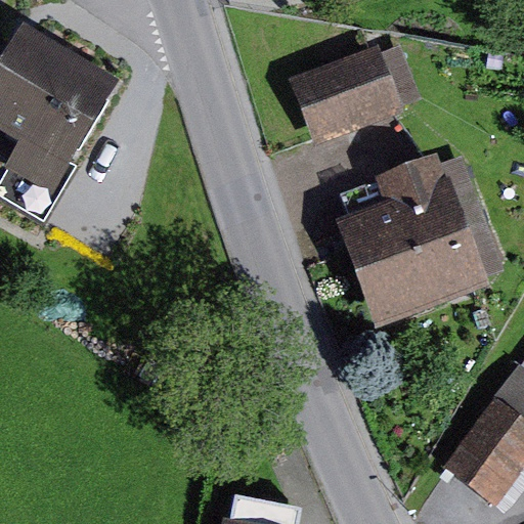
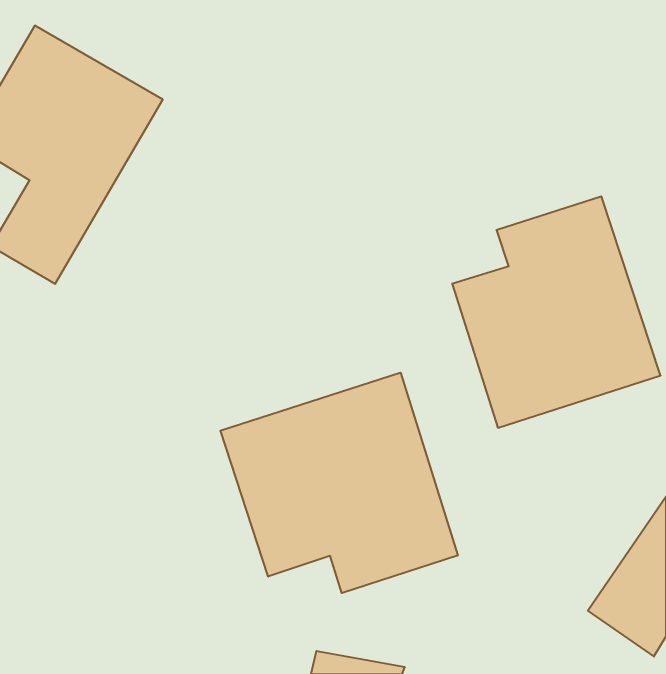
building: [290,41,406,144] -> none
building: none -> [220,373,458,593]

